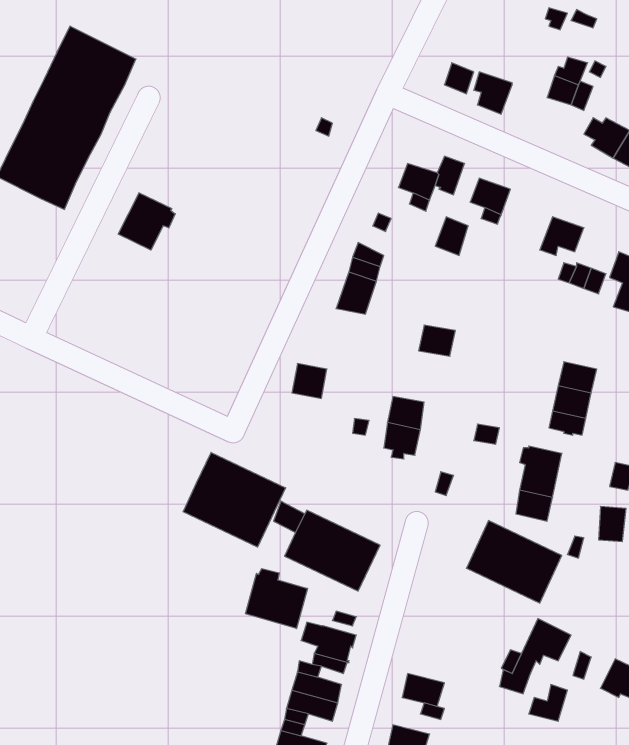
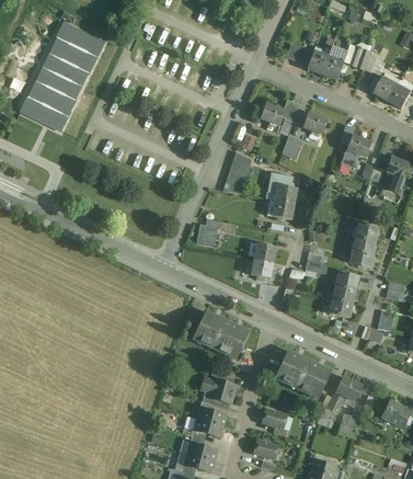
building: none -> [321,47,346,80]
building: [118,193,175,250] -> none
building: none -> [268,174,297,204]
building: [183,452,286,547] -> none
building: [466,521,562,603] -> [274,350,331,399]
building: [245,569,308,629] -> none

